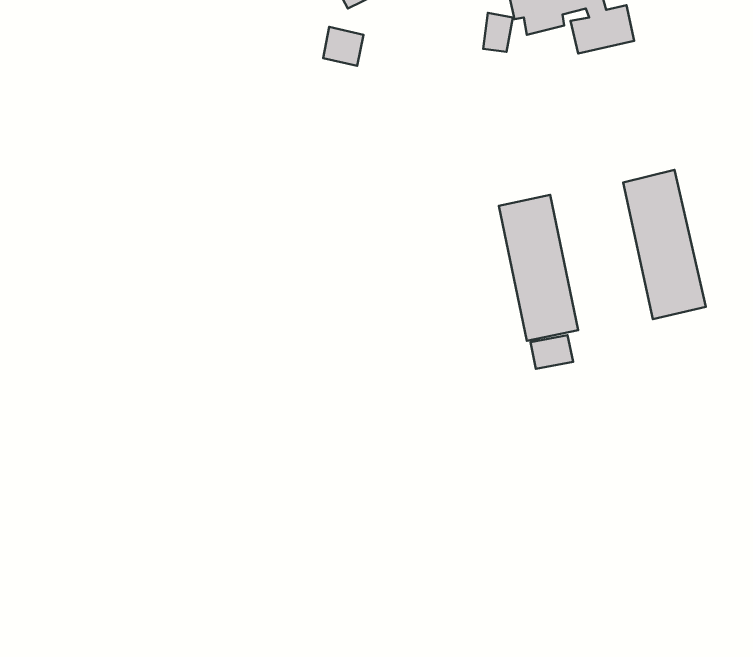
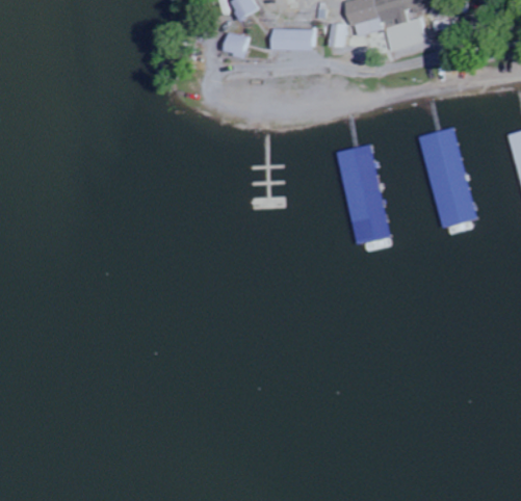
building: none -> [268,27,312,49]
building: [530,335,573,369] -> none

